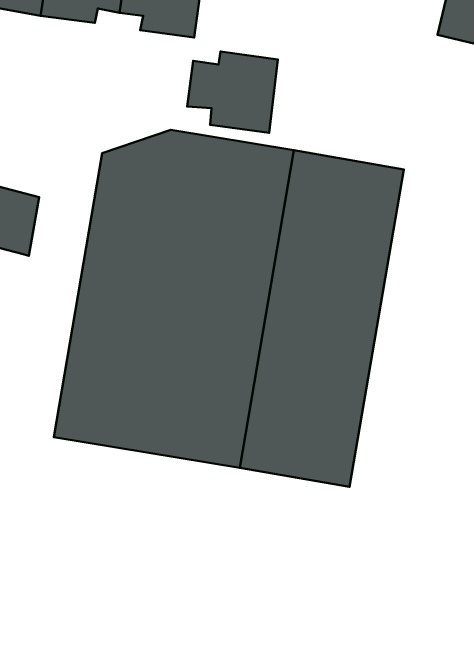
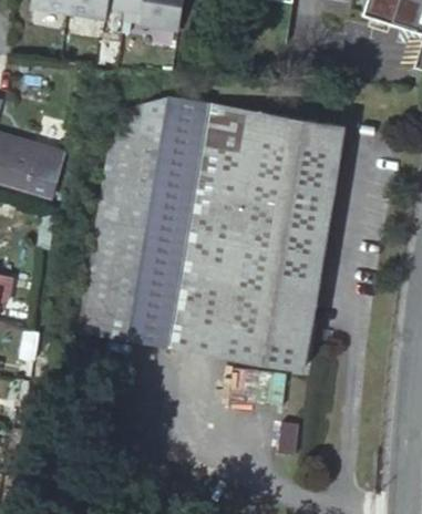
building: [187,52,278,133] -> none

